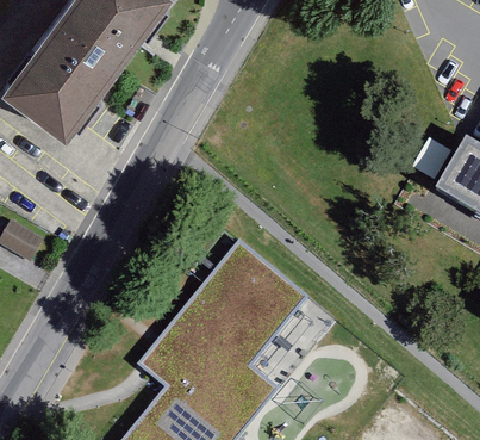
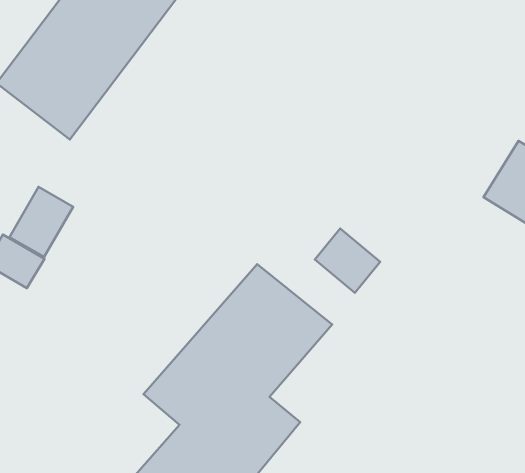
building: none -> [9,187,73,257]
building: none -> [315,229,380,293]

